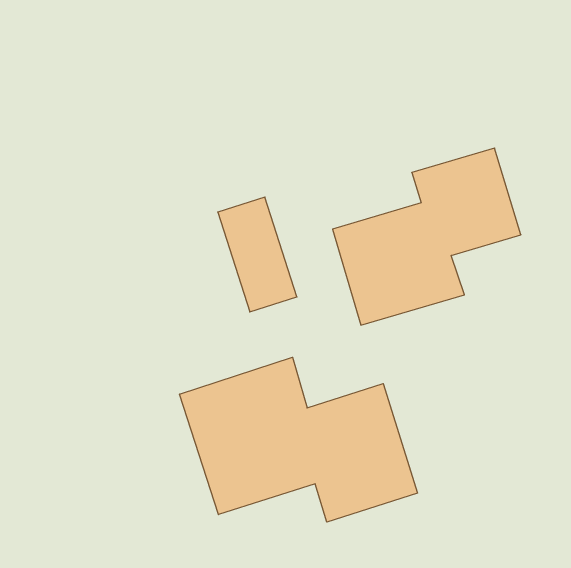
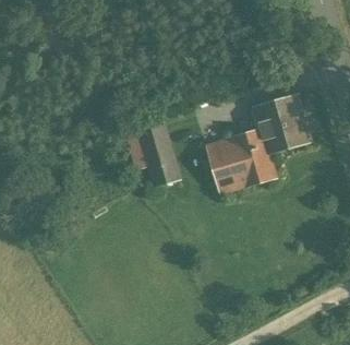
building: [180,357,418,522] -> none

